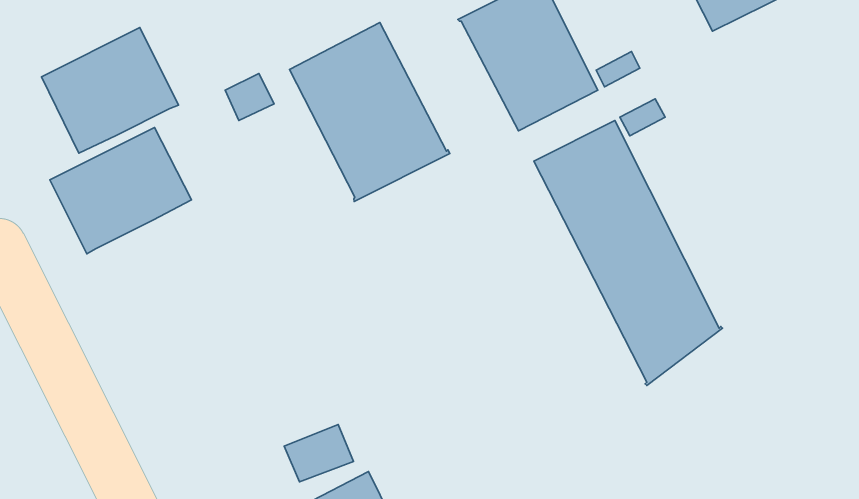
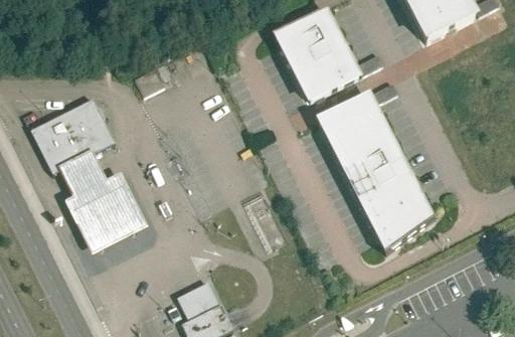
building: [289,22,450,201] -> none
building: [41,28,179,153] -> none
building: none -> [58,153,149,257]

